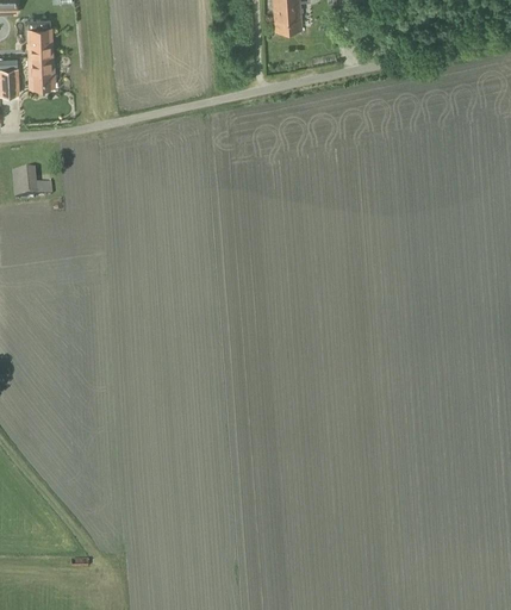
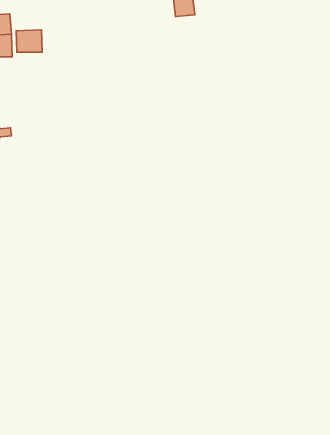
building: none -> [16,30,42,52]

